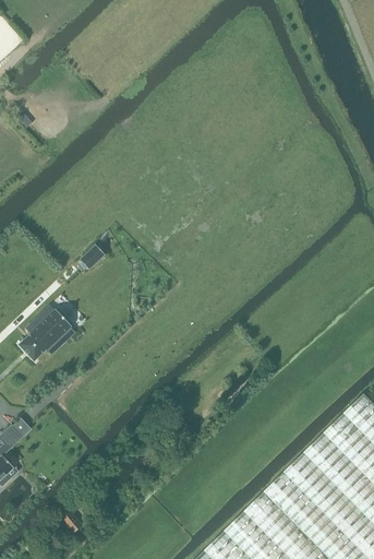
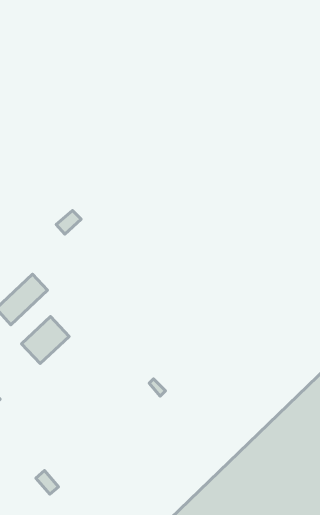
building: none -> [21,316,69,364]

